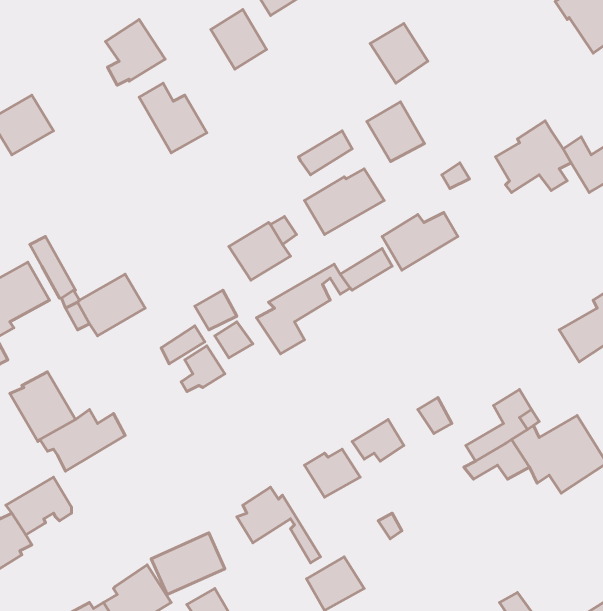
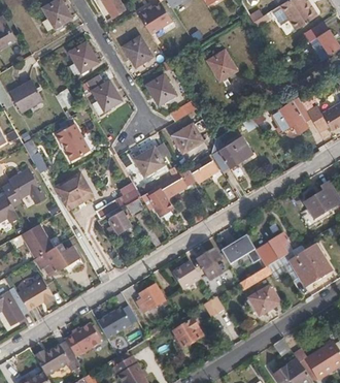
building: [367,102,424,161] -> [146,73,176,104]
building: none -> [52,117,91,163]
building: none -> [248,286,279,316]

